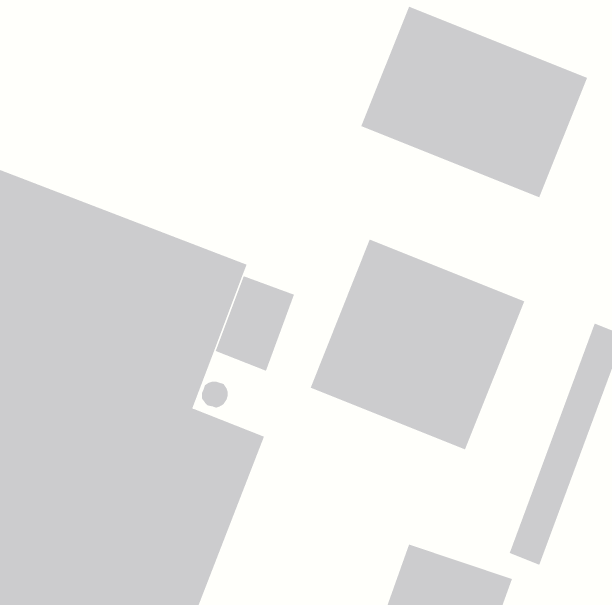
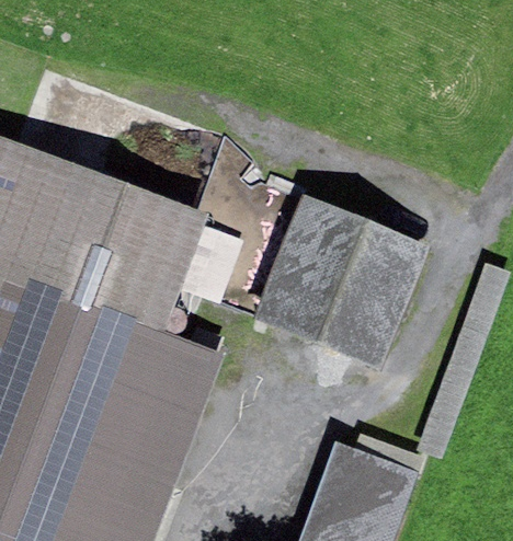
building: [361,6,588,198] -> none

